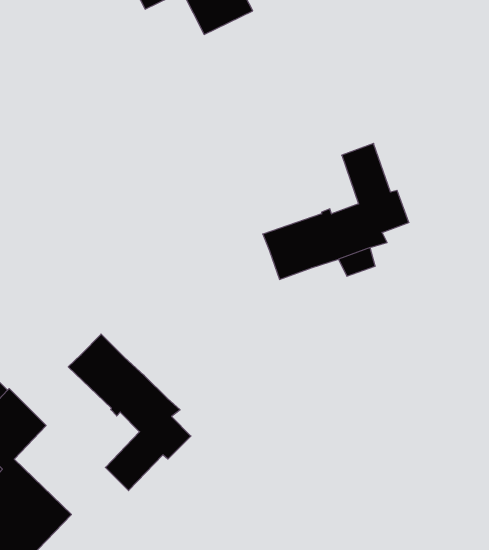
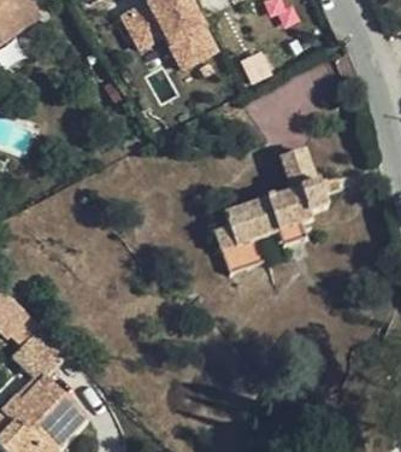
building: none -> [216,224,269,272]
building: [68,334,191,491] -> none

